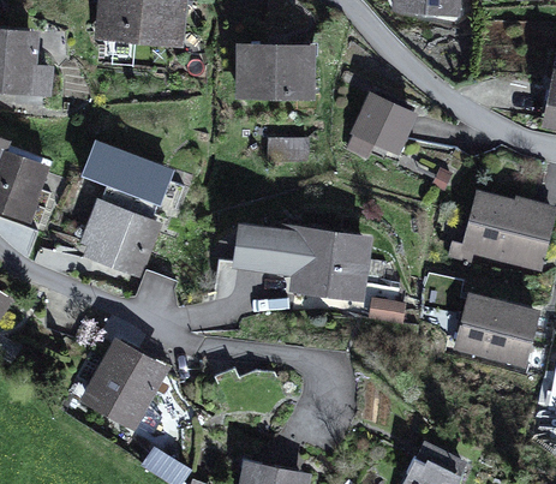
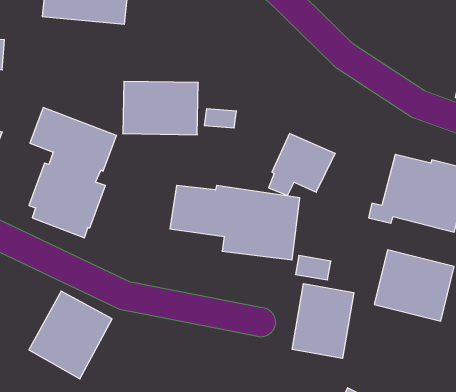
building: [234,42,316,100] -> [123,81,198,135]
building: [346,91,418,159] -> [269,133,335,196]
building: none -> [292,284,354,358]

